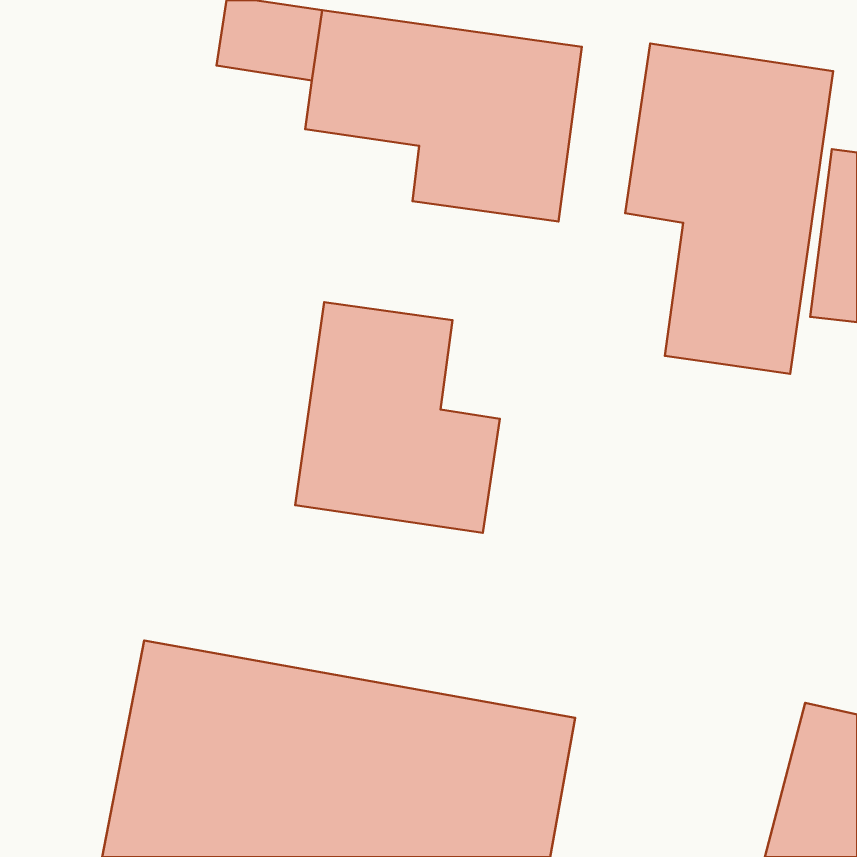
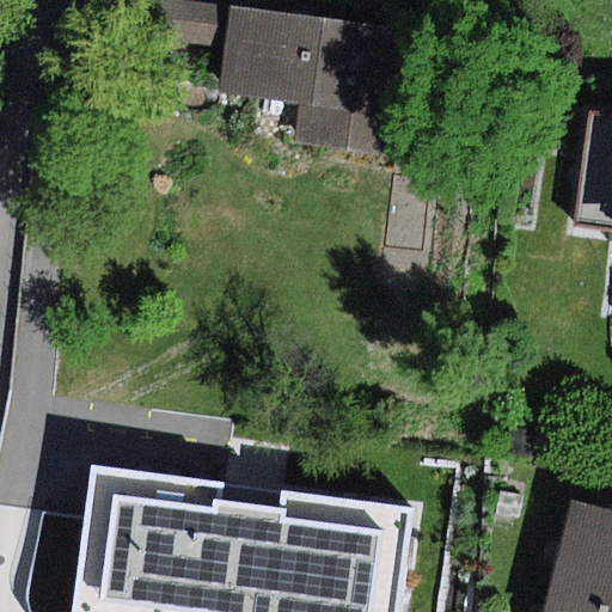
building: [625,44,833,374] -> none
building: [295,302,500,533] -> none

